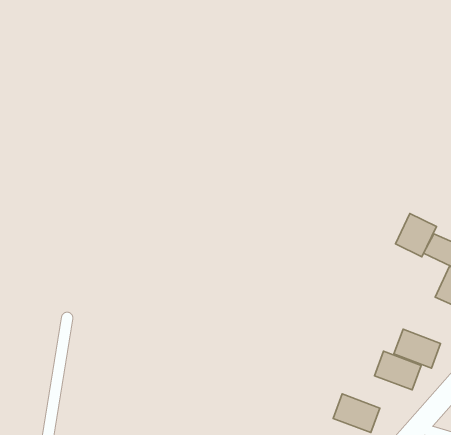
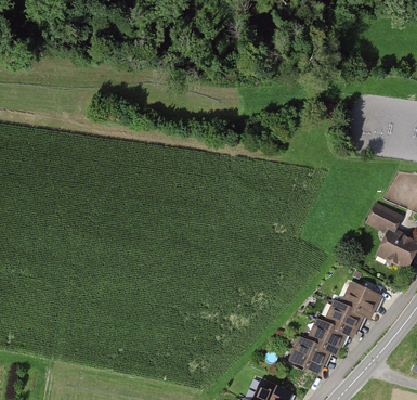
building: [395,214,437,257] -> none
building: none -> [309,319,348,351]

